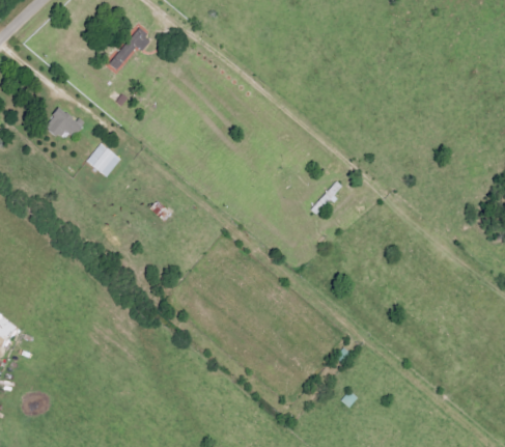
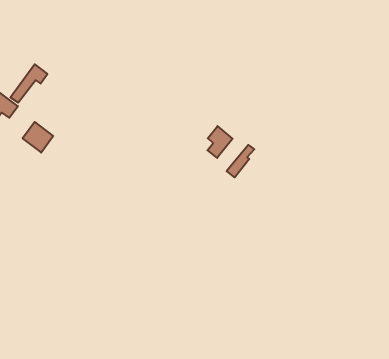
building: [108,29,150,71] -> [10,64,47,103]
building: none -> [207,126,233,158]

